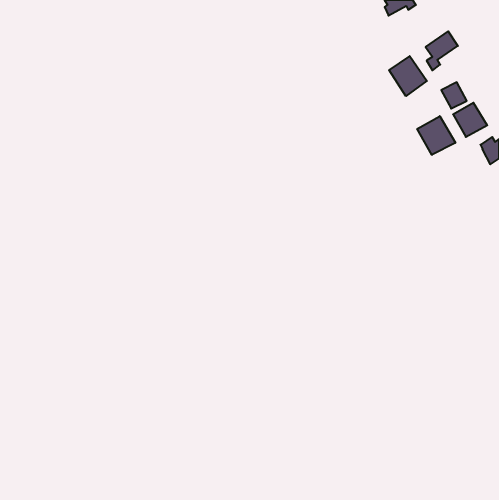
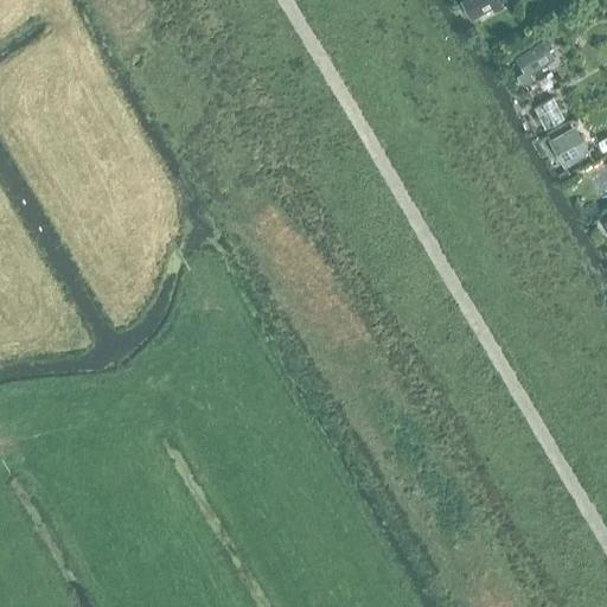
building: [389,56,427,96] -> none
building: [417,116,455,155] -> none

